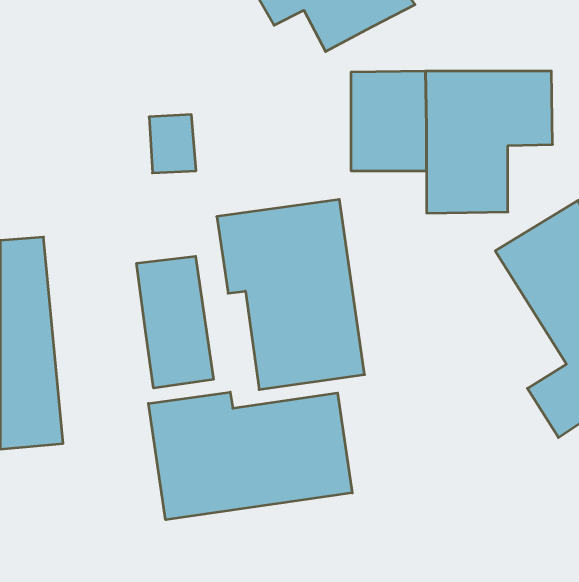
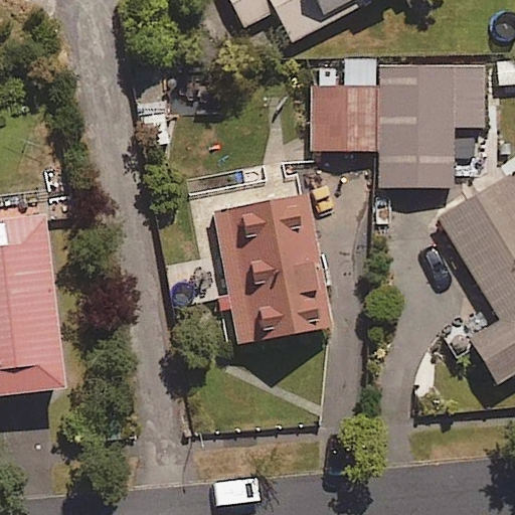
building: [137,256,213,388] -> none
building: [148,392,352,520] -> none

